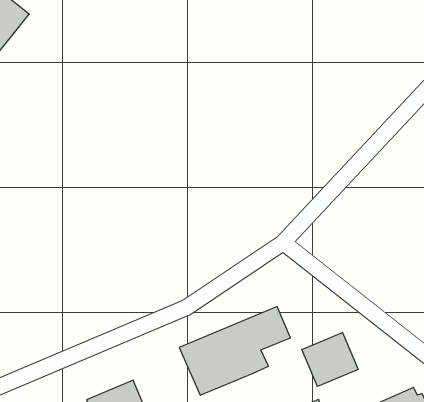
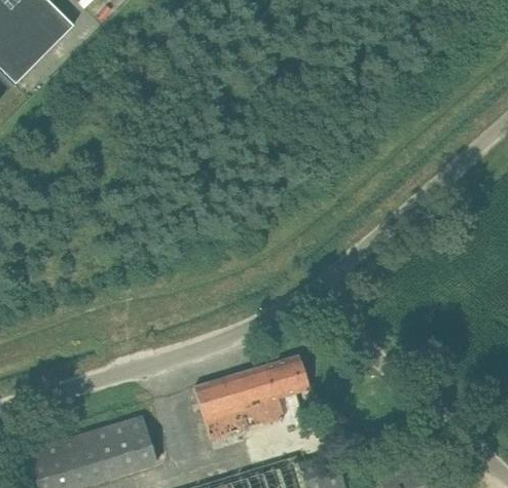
building: [302,332,358,386] -> none

